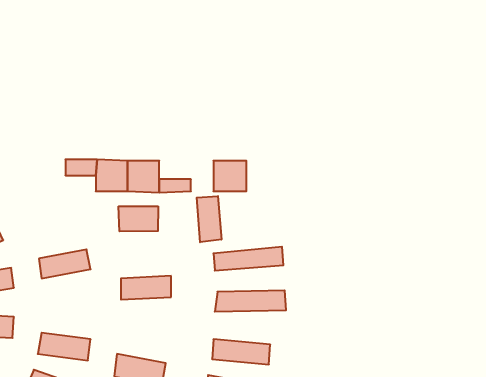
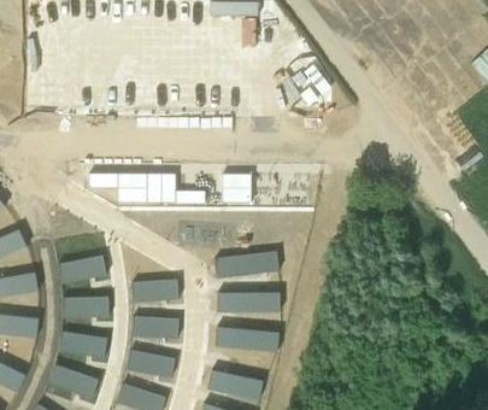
building: [197,196,221,242] -> none
building: [119,206,158,231] -> none
building: none -> [61,297,107,316]
building: none -> [133,317,178,338]

